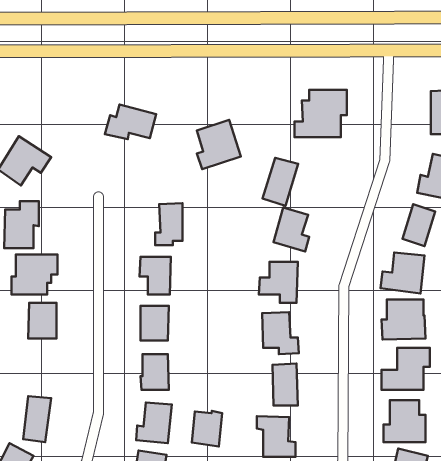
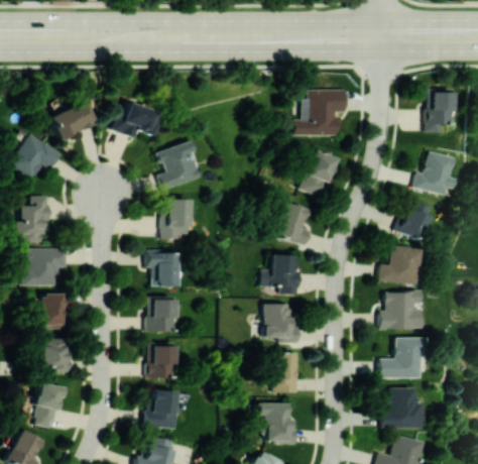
building: none -> [50,103,95,138]
building: [197,120,241,169] -> [157,142,200,190]
building: [263,158,298,206] -> [301,151,335,198]
building: none -> [41,339,69,373]
building: [192,411,222,447] -> none

